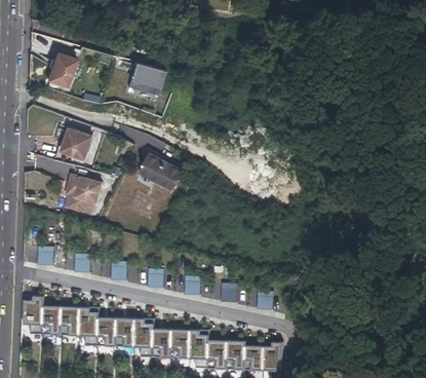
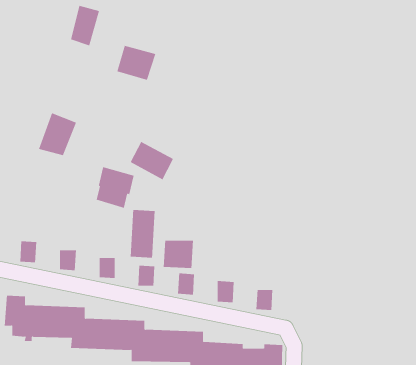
building: [49,49,77,87] -> [70,5,100,46]
building: [65,174,101,213] -> [96,167,134,209]
building: none -> [130,209,155,258]
building: none -> [163,240,194,269]

